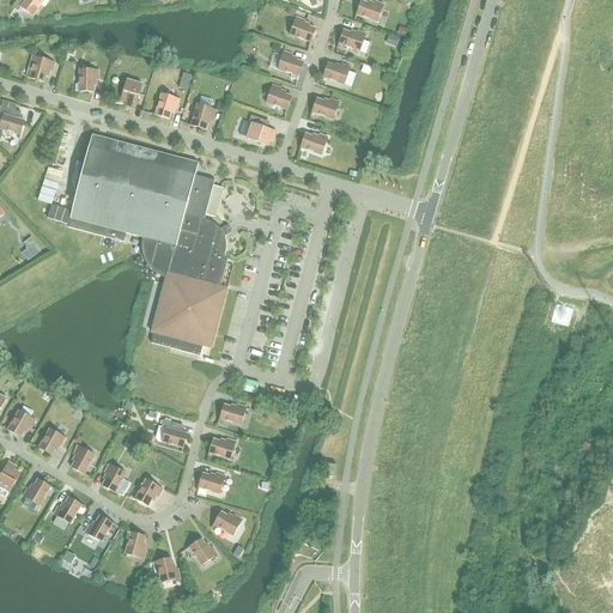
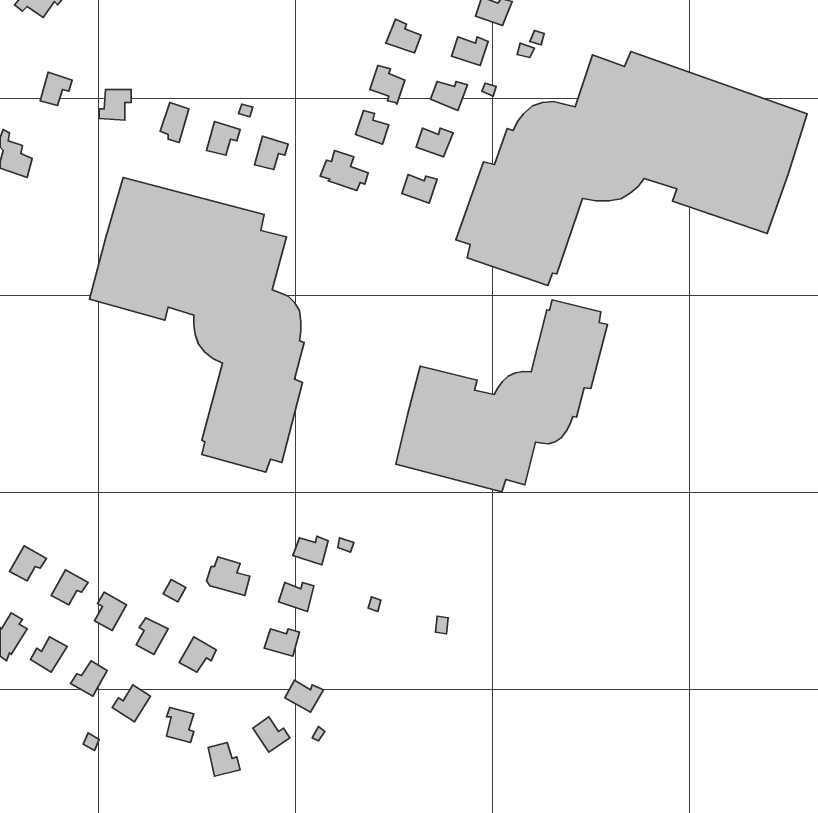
building: none -> [456,52,807,286]
building: none -> [396,300,608,492]

